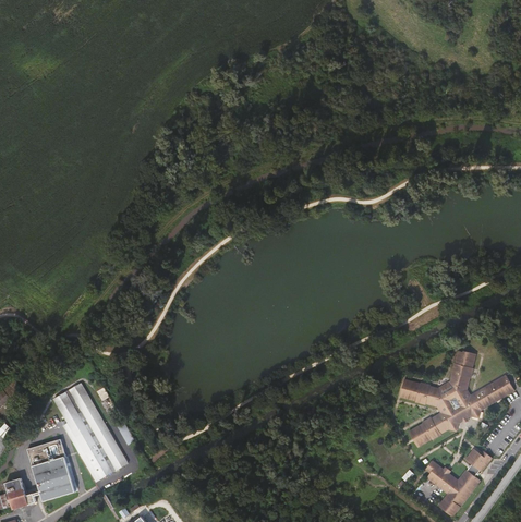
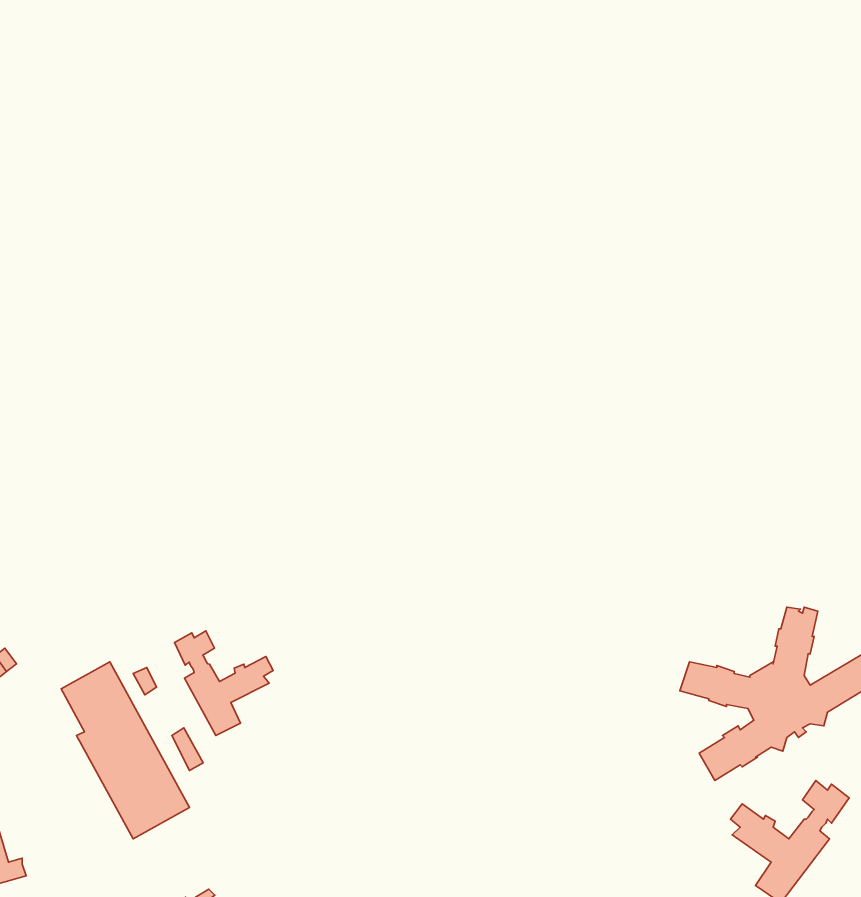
building: none -> [174,631,273,735]
building: [24,438,72,500] -> none

